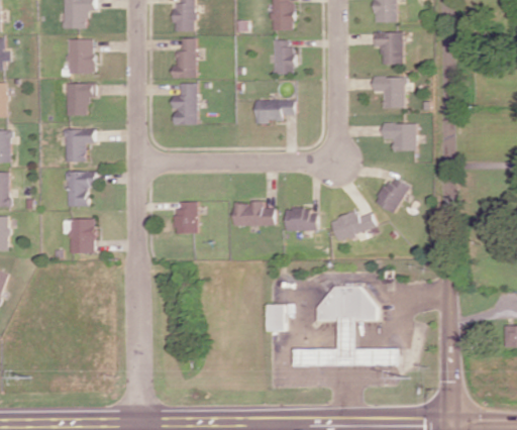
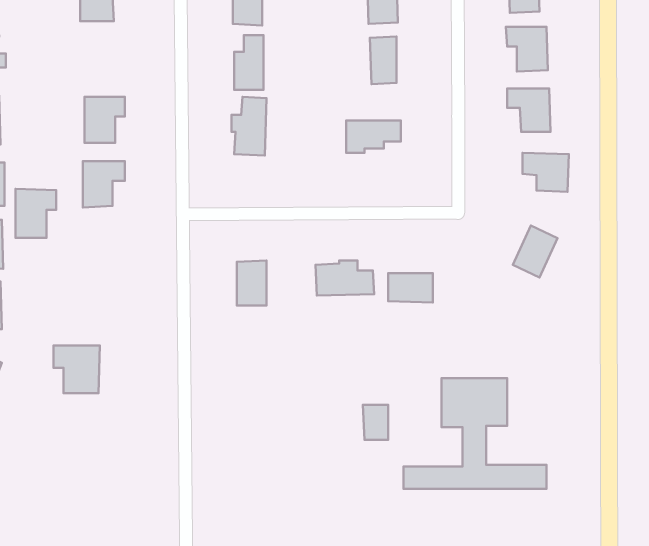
building: [68,38,95,74] -> none
building: [67,171,96,206] -> [16,189,56,238]
building: [331,211,376,241] -> none
building: [63,219,96,253] -> [54,345,100,393]

